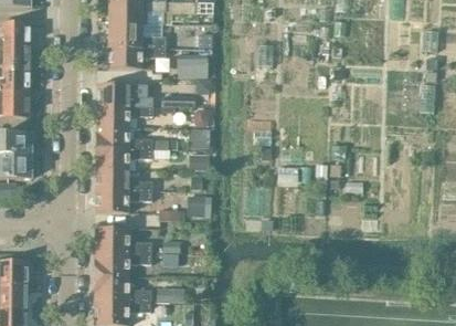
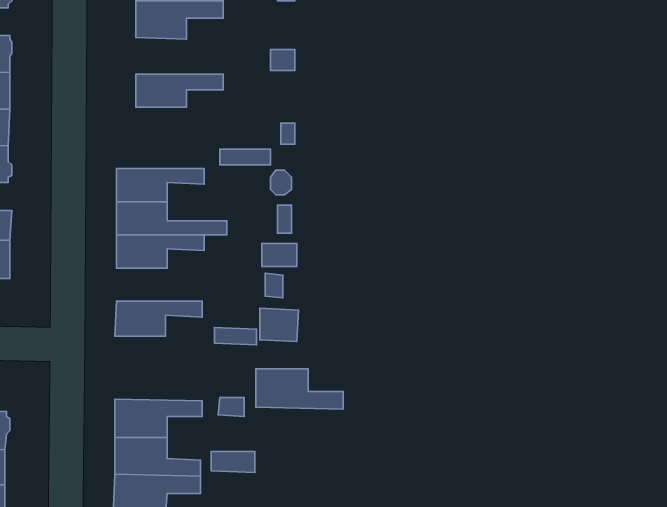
building: [109,25,165,49] -> none
building: [179,49,211,77] -> none
building: [97,85,152,108] -> none
building: [97,171,151,192] -> none
building: [96,230,151,255] -> [256,369,343,409]

